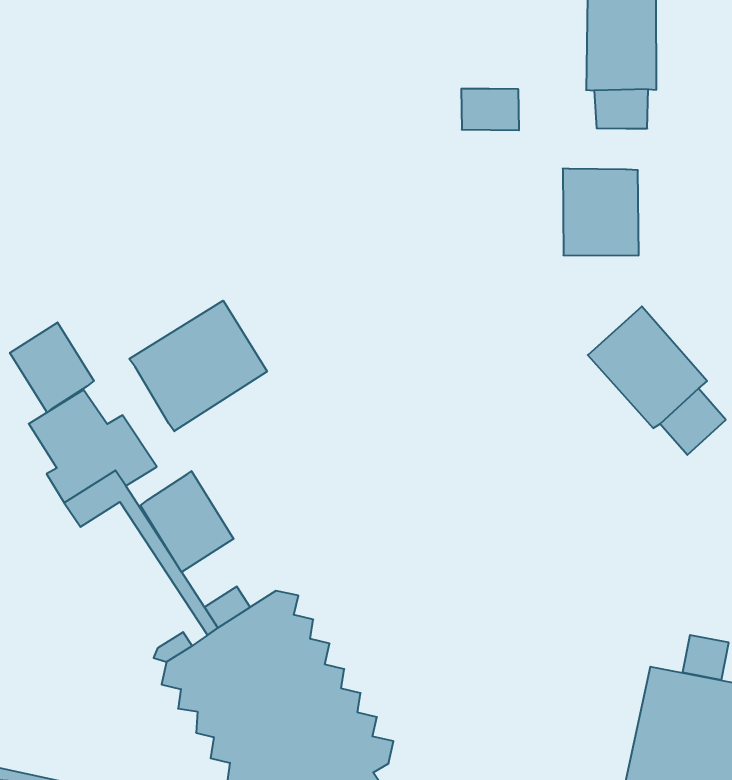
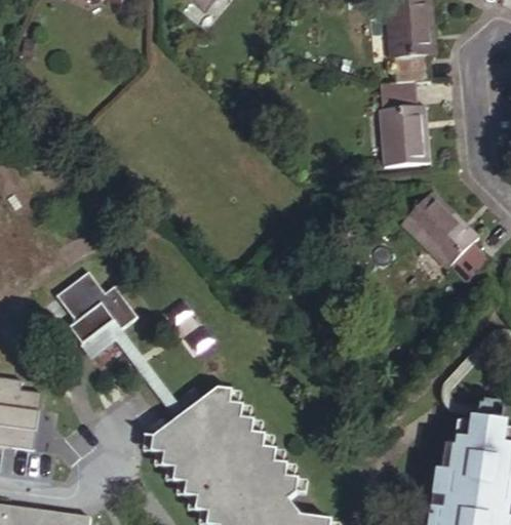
building: [461,89,519,130] -> [381,85,419,113]
building: [129,301,267,431] -> none
building: [10,322,94,412] -> none
building: [140,471,234,572] -> none

